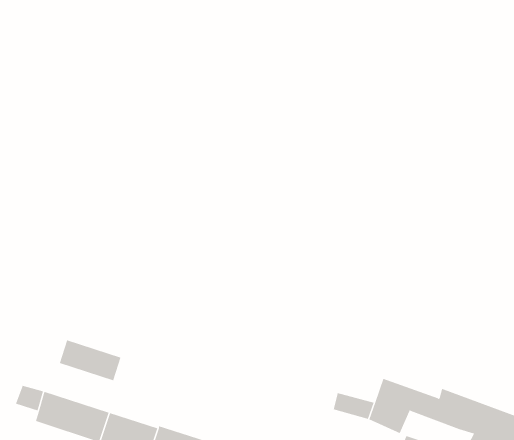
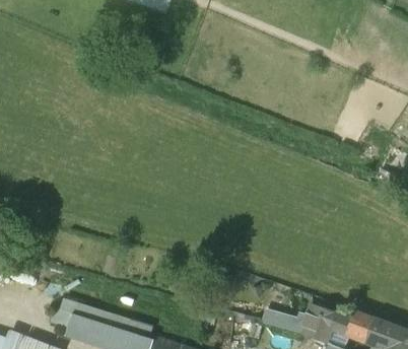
building: [59,340,121,381] -> none

